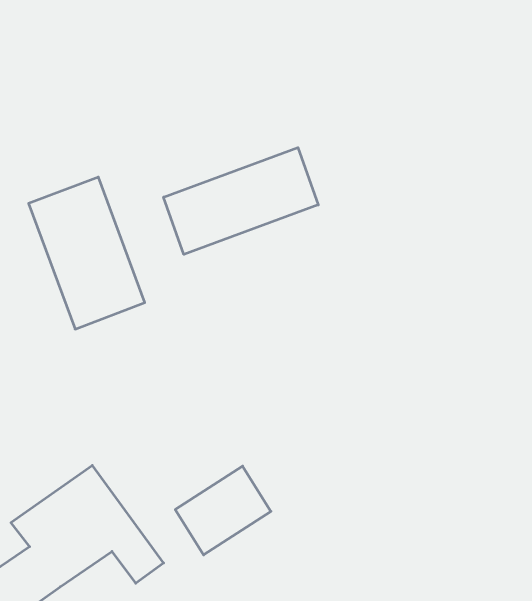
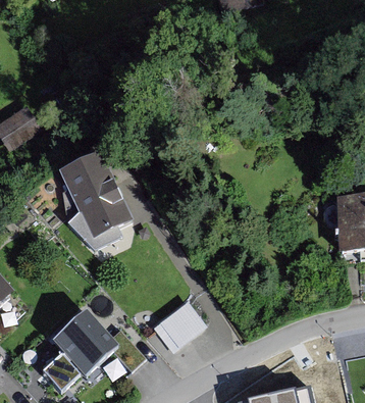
building: [164,148,318,254] -> none

